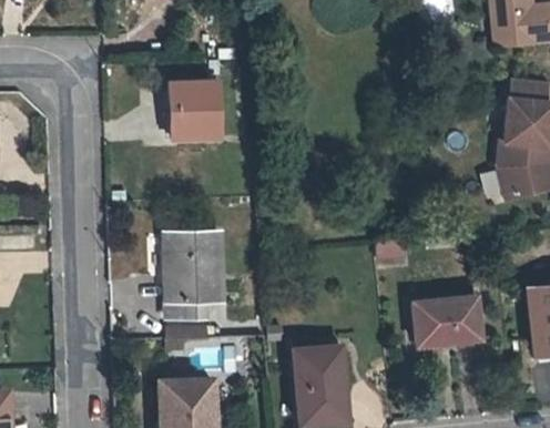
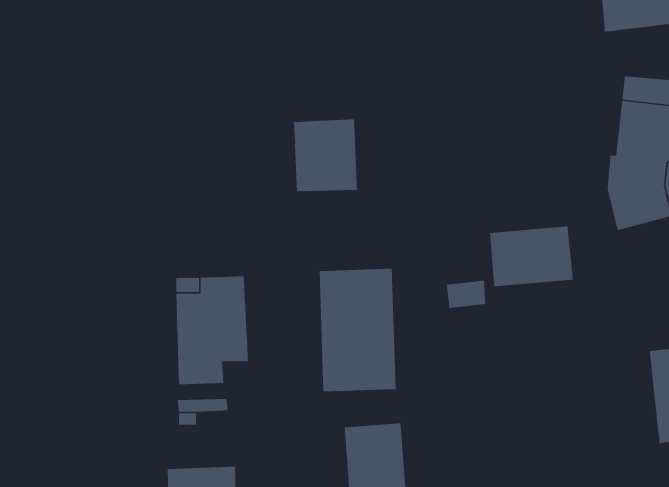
building: [169,81,218,137] -> [293,119,358,192]
building: none -> [319,268,396,392]
building: [414,296,479,344] -> [489,225,574,287]

